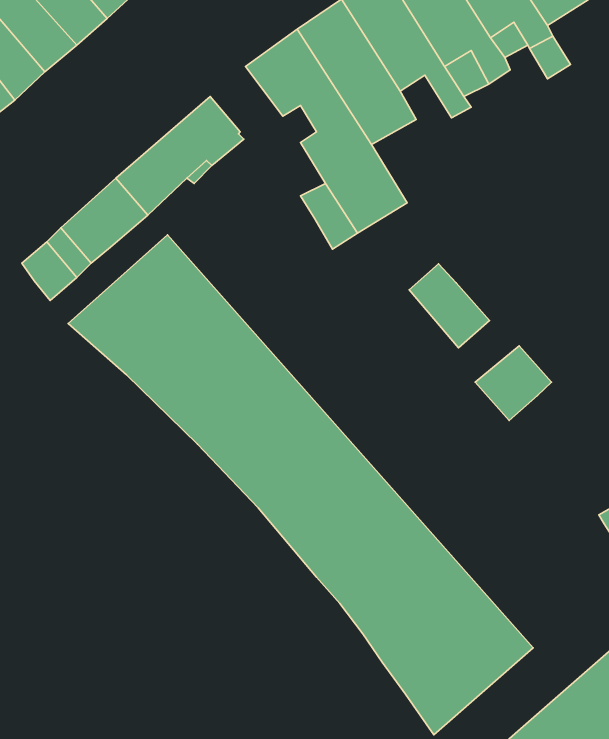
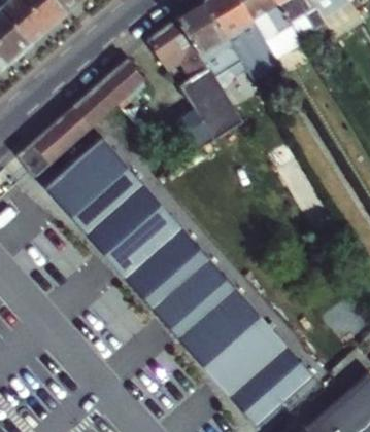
building: [409,264,490,348] -> none
building: [475,346,552,421] -> none

